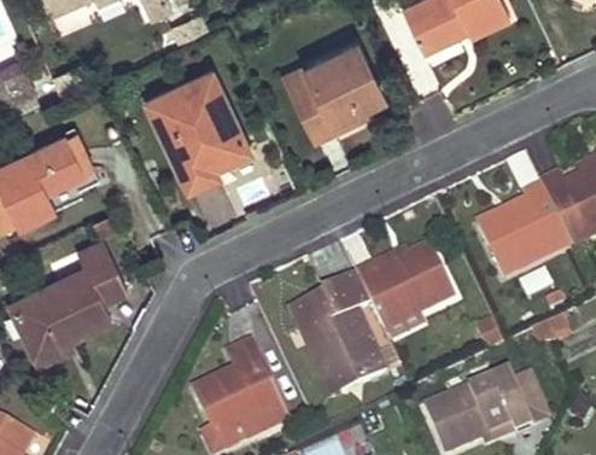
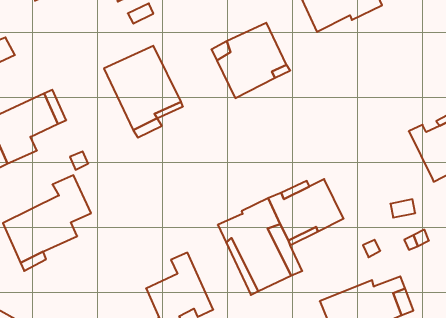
building: [478,181,573,276] -> none

